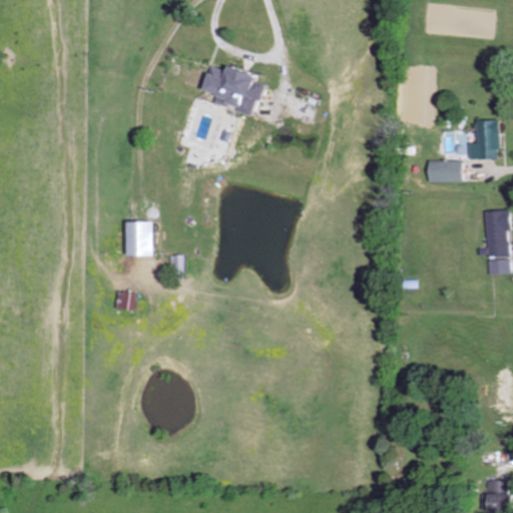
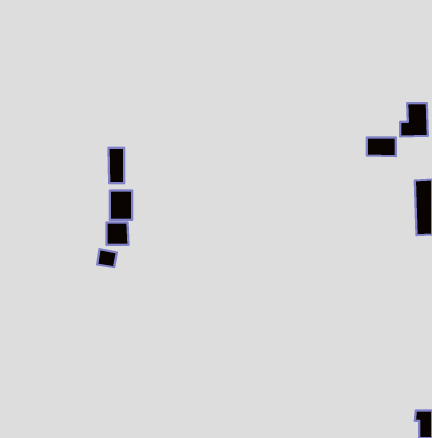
building: [207,63,268,114] -> none
building: none -> [109,148,124,183]
building: none -> [107,222,128,245]

